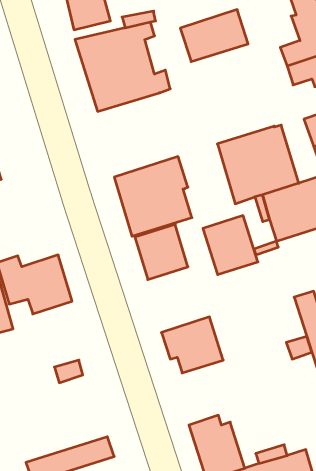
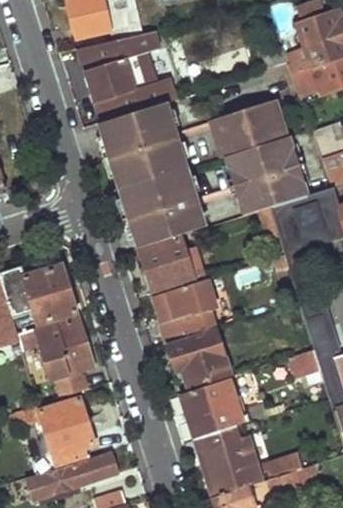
building: [180,10,248,62] -> [213,100,282,153]
building: none -> [98,101,184,187]
building: [203,216,258,275] -> [154,281,210,341]
building: none -> [18,319,93,378]
building: none -> [180,378,248,436]
building: none -> [21,395,94,470]

